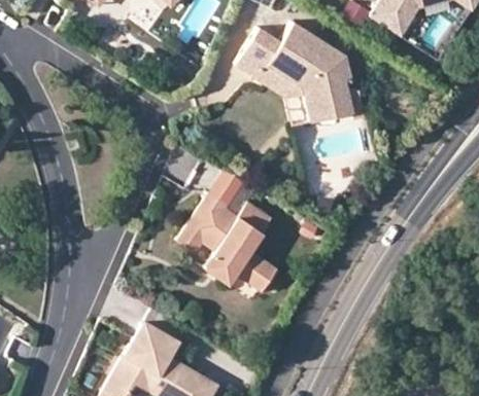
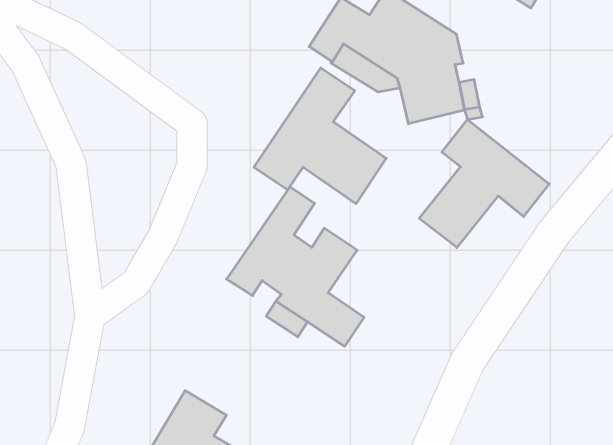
building: none -> [254,68,386,204]
building: none -> [419,119,549,248]

